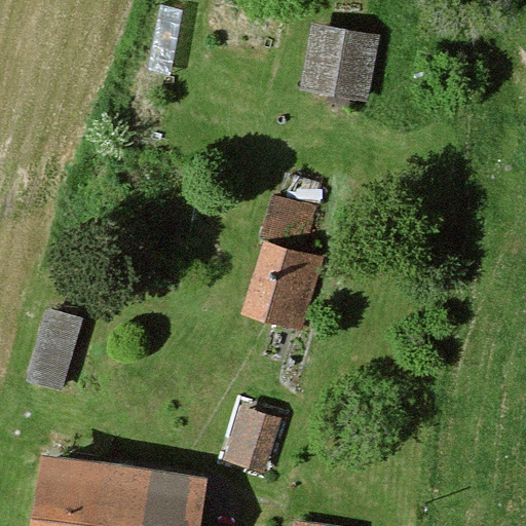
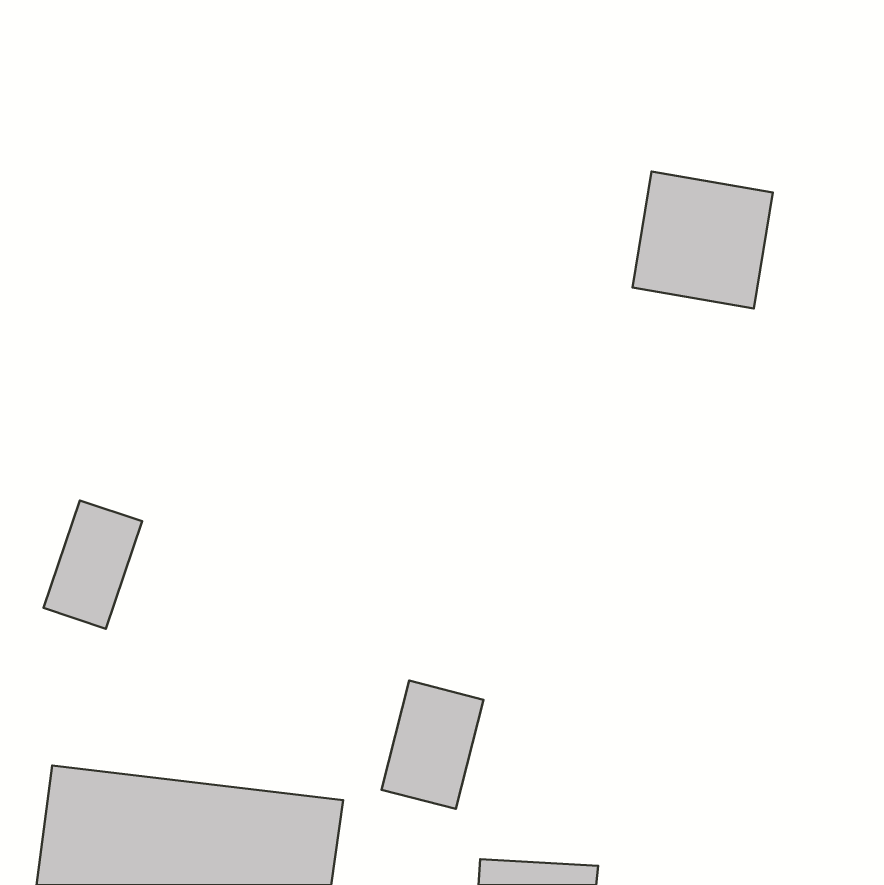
building: [300,25,383,106] -> [632,172,773,308]
building: [240,240,325,337] -> none

